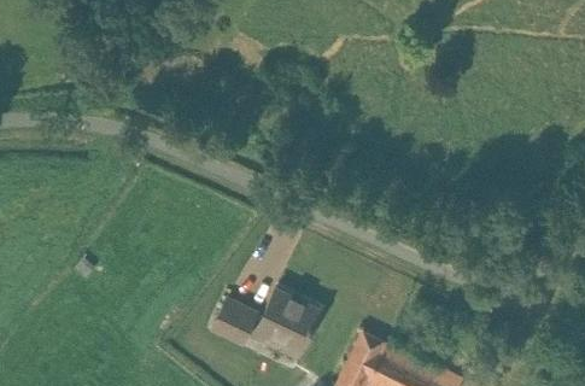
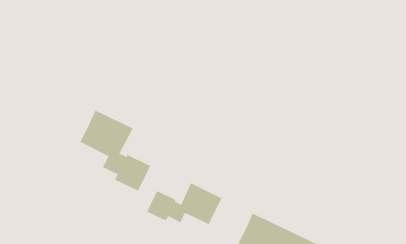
building: none -> [80,110,151,192]

